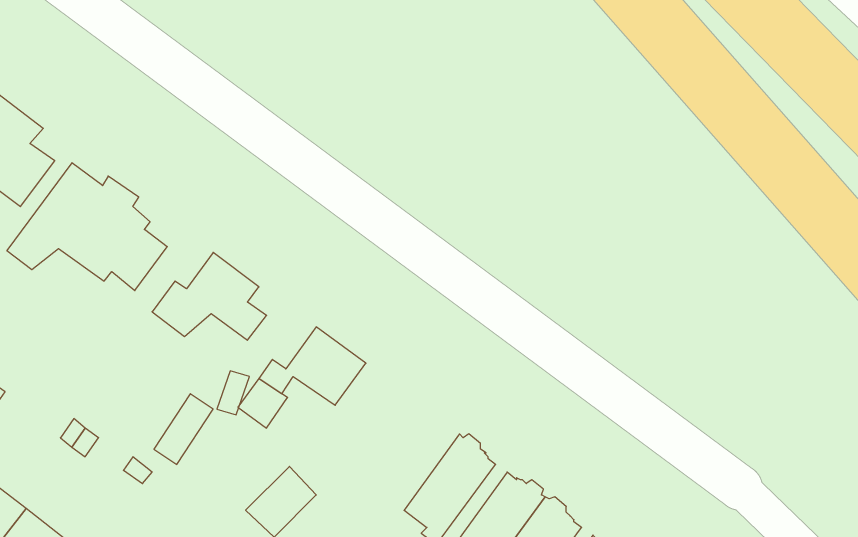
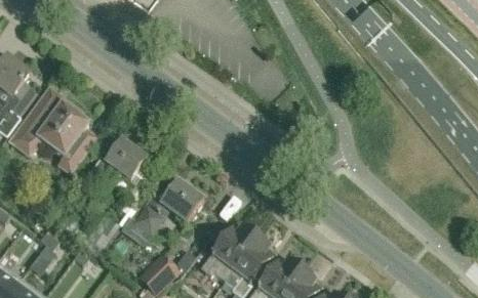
building: none -> [201,226,253,280]

